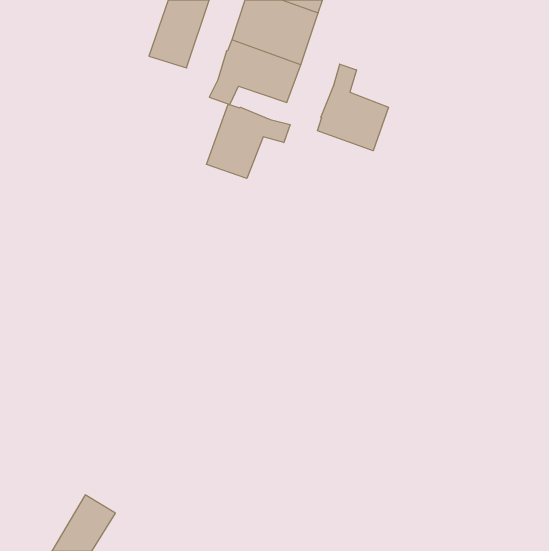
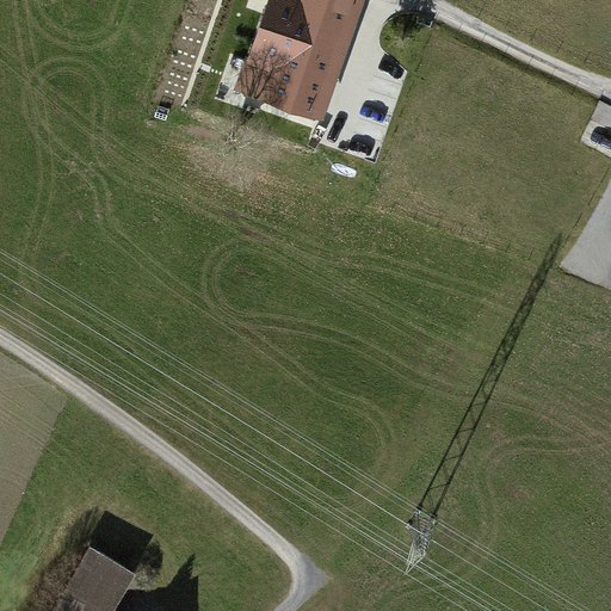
building: [317,64,388,151] -> none
building: [206,104,290,178] -> none

